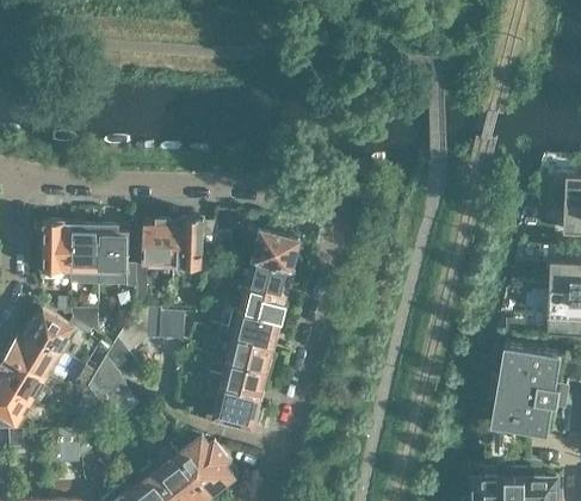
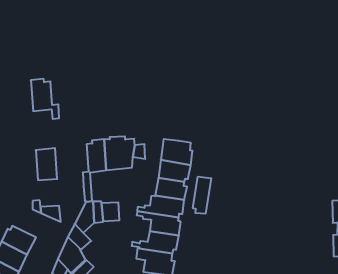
building: [42,222,70,271] -> none
building: [98,227,136,286] -> [31,79,59,119]
building: none -> [193,177,211,214]
building: [25,309,74,354] -> none

